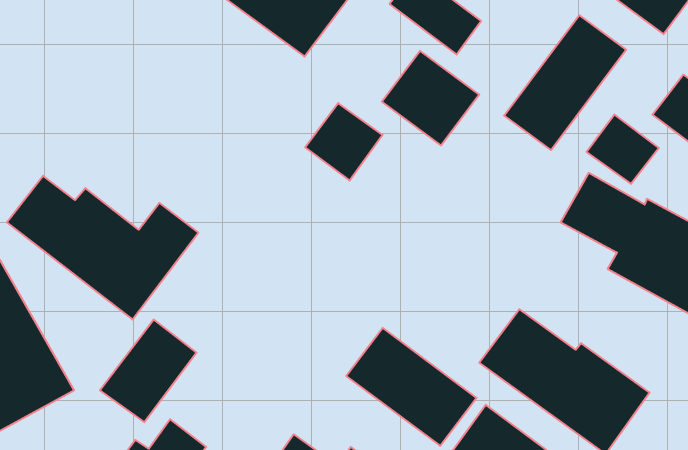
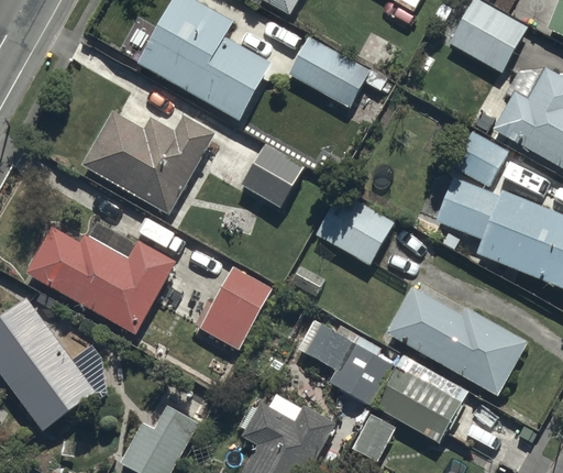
building: [504,15,626,150] -> none
building: none -> [88,119,207,211]
building: [382,51,479,145] -> [320,193,393,262]
building: [100,320,197,422] -> [201,267,271,345]

